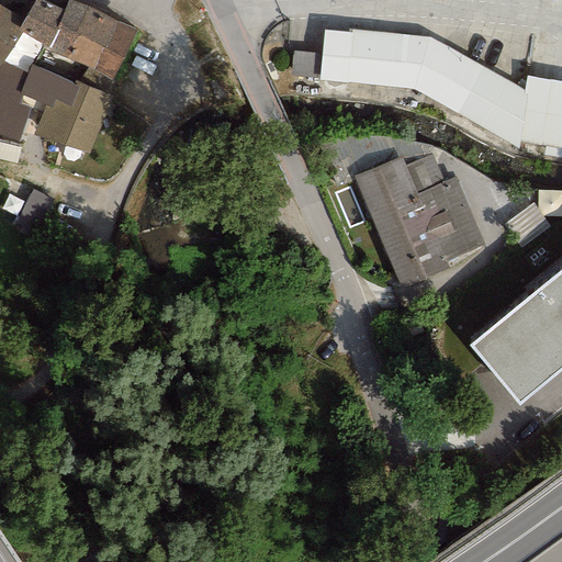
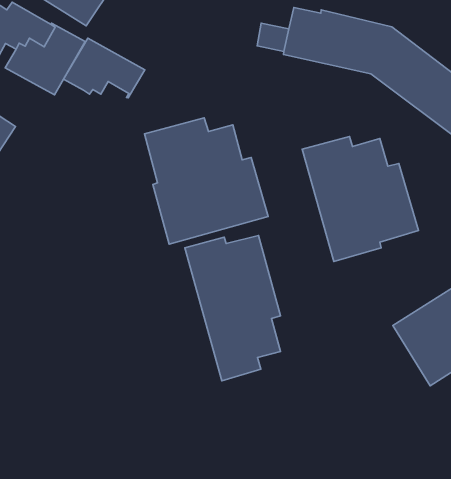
building: none -> [63,38,145,98]
building: none -> [145,118,268,244]
building: none -> [185,236,280,381]

